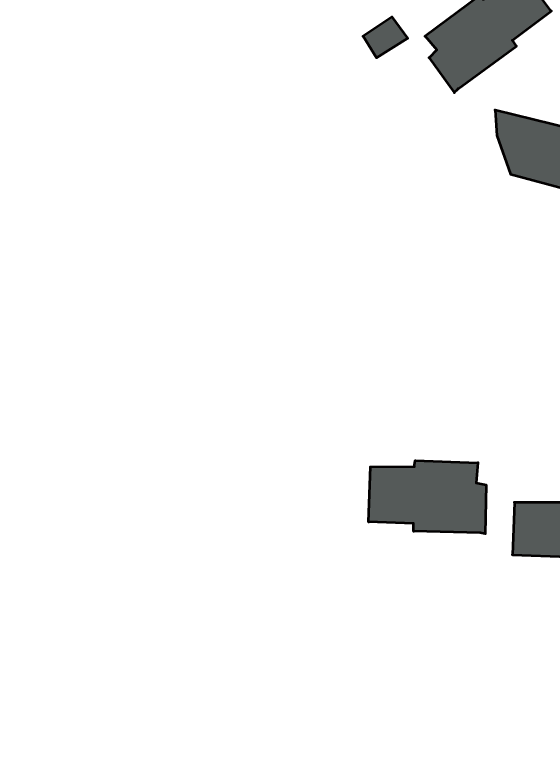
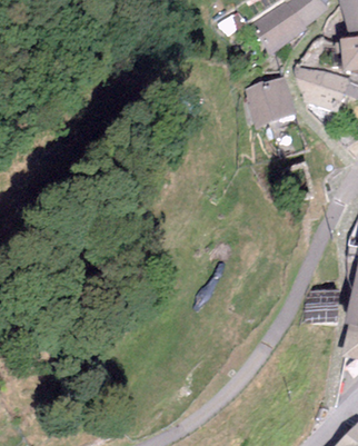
building: none -> [246,76,297,125]
building: [369,461,486,534] -> none

